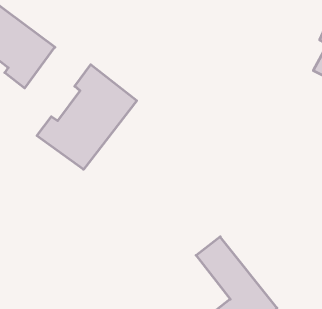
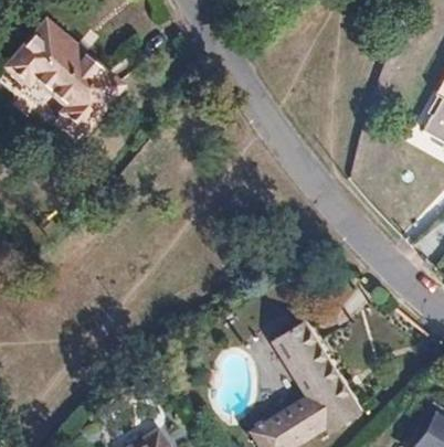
building: [37,65,137,169] -> none

